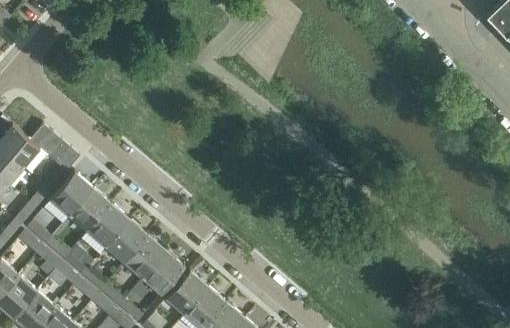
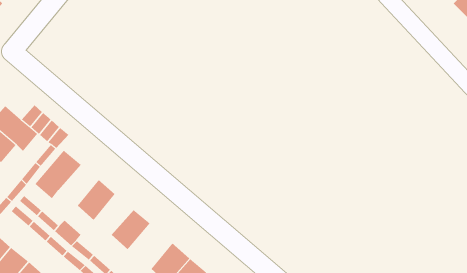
building: [69,188,111,231] -> none
building: [106,219,148,262] -> none
building: [142,250,185,294] -> none

